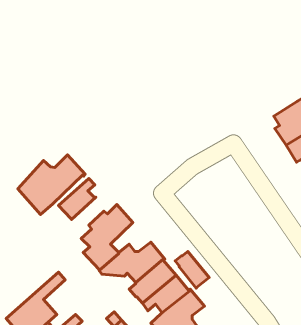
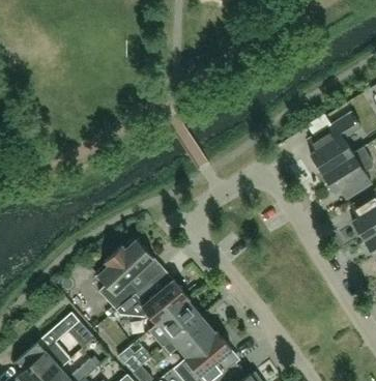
building: [18,155,85,214] -> none
building: [59,179,96,220] -> none
building: [175,251,209,288] -> none

